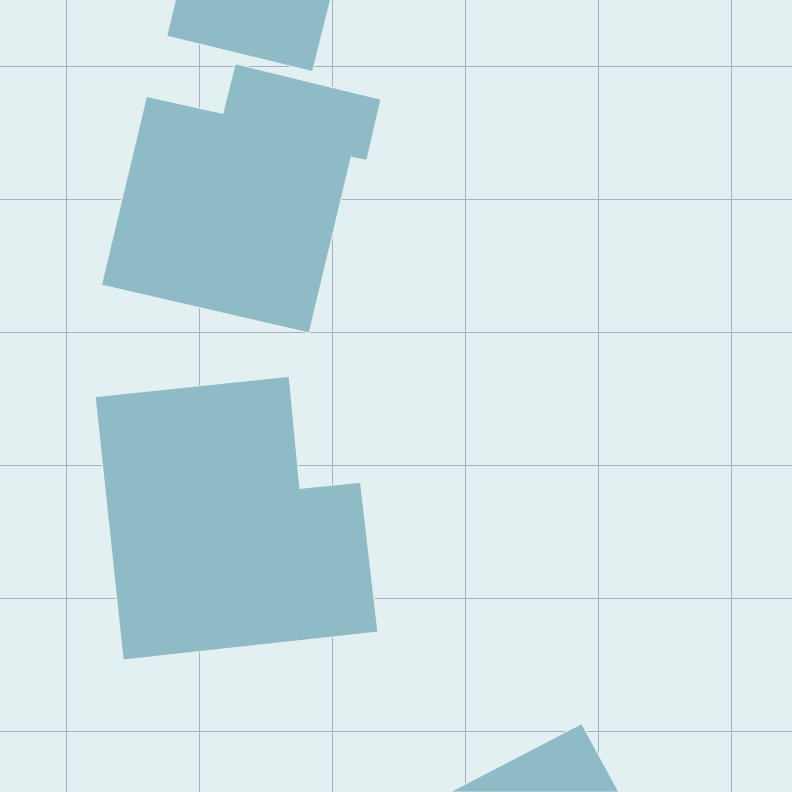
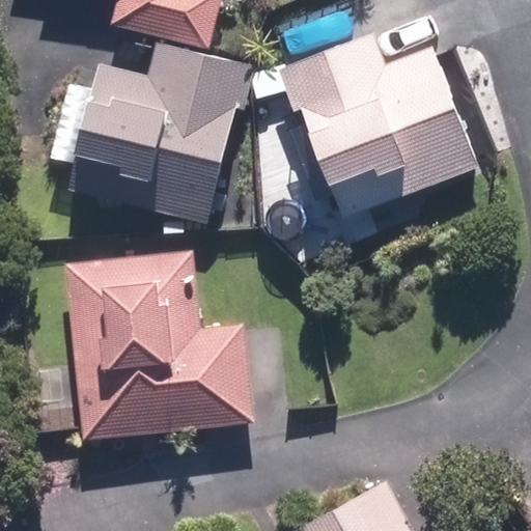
building: none -> [278,32,476,218]

